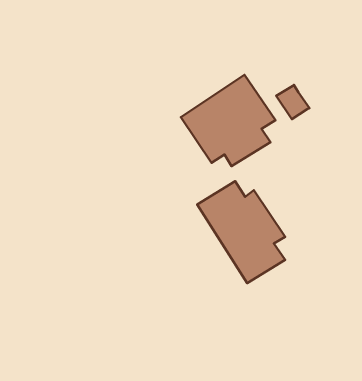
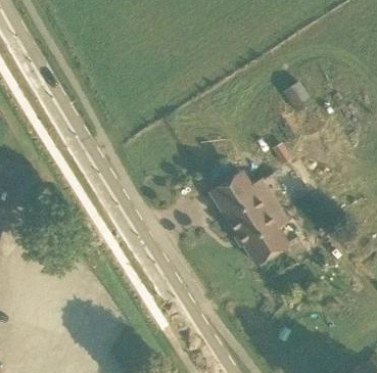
building: [181,75,275,166] -> none

